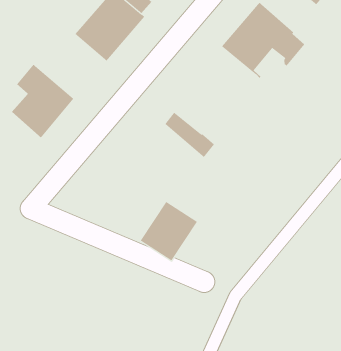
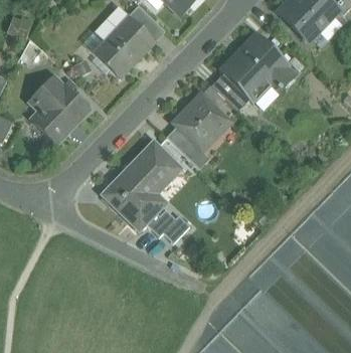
building: none -> [210,73,249,111]
building: none -> [171,93,227,148]
building: none -> [102,141,180,229]

